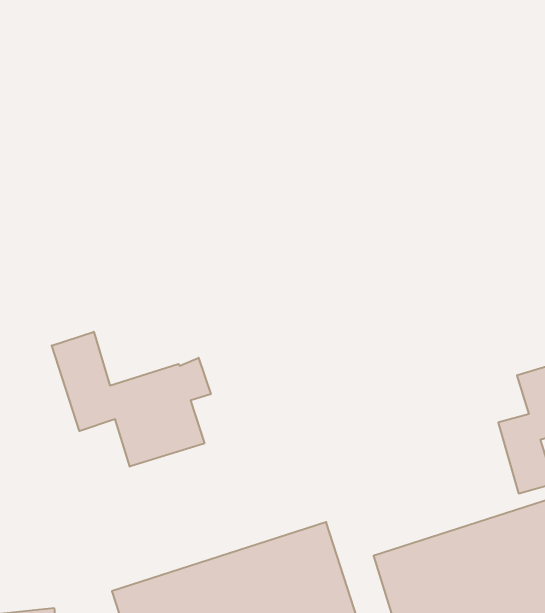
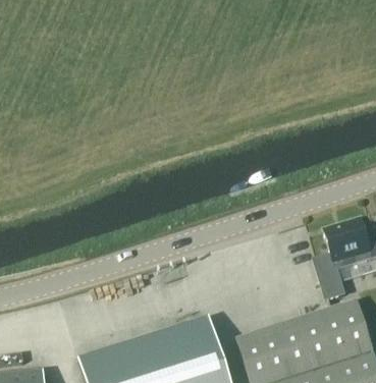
building: [52,332,211,467] -> none

